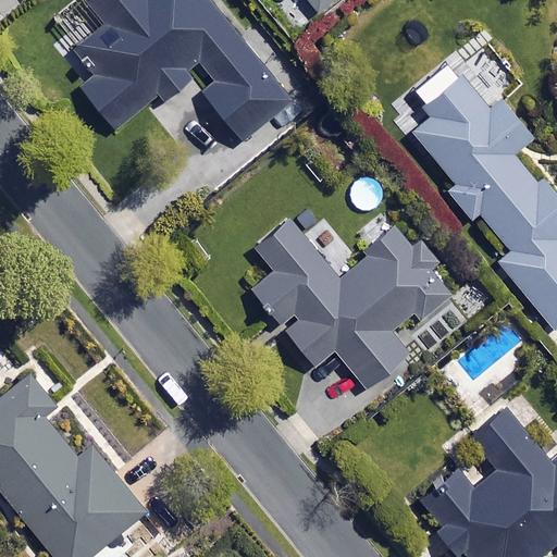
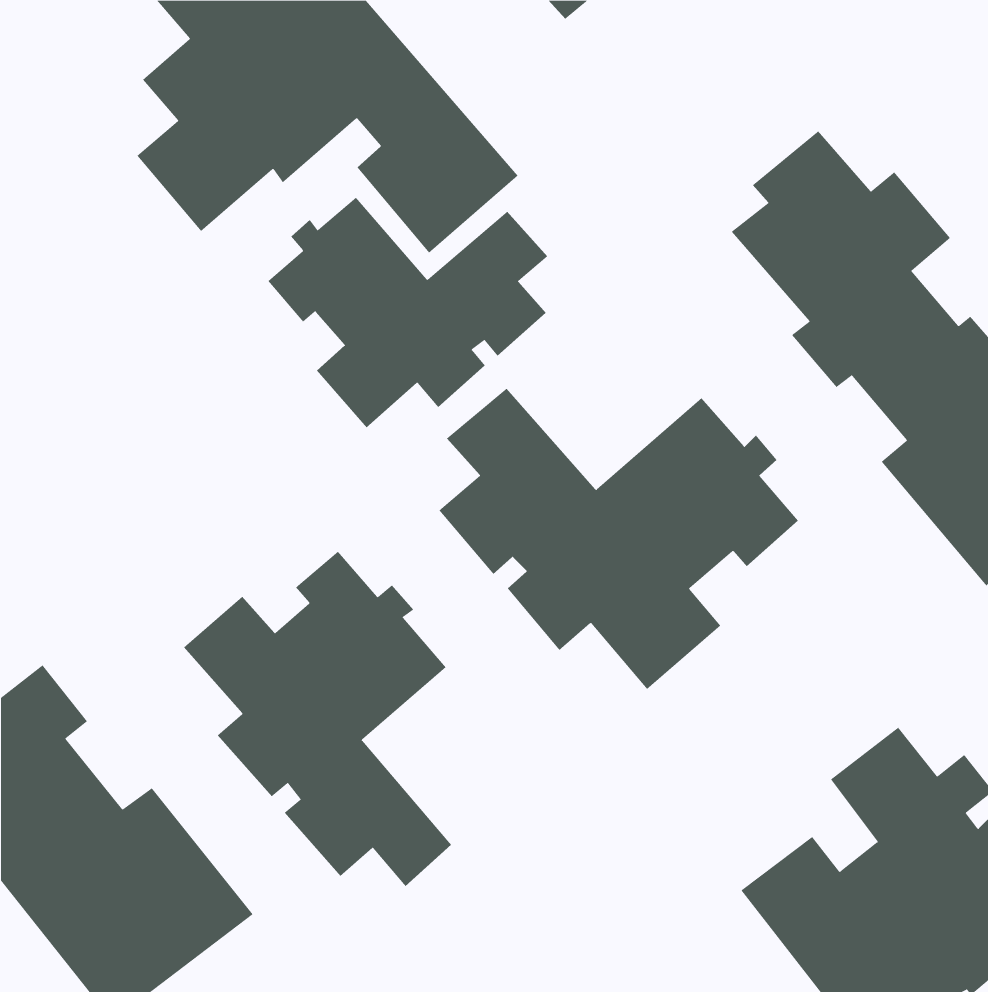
building: none -> [268,197,548,428]
building: none -> [183,551,452,887]

